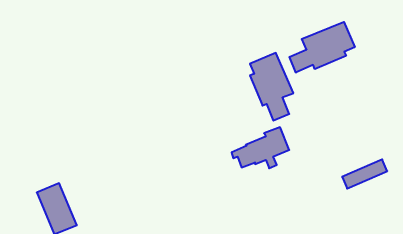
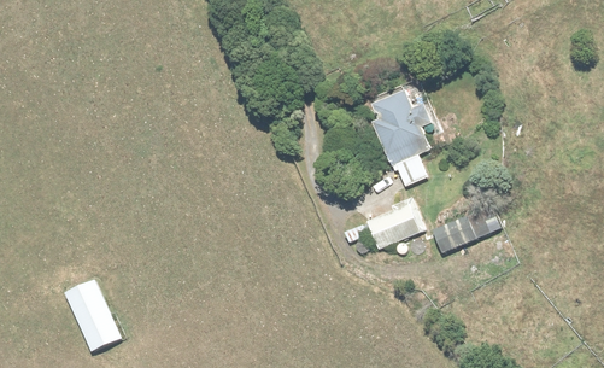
building: [289,22,355,73] -> none
building: [342,159,387,189] -> [434,210,499,252]

